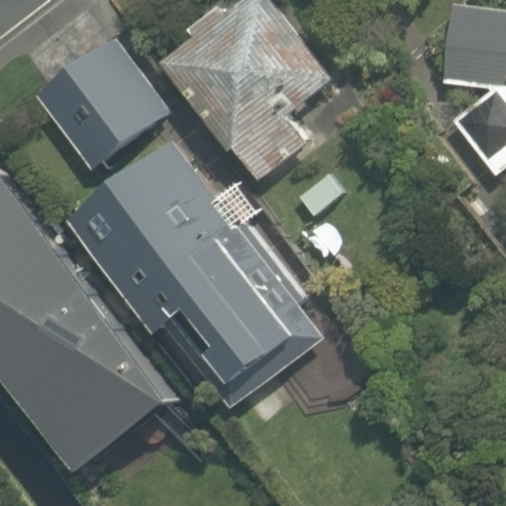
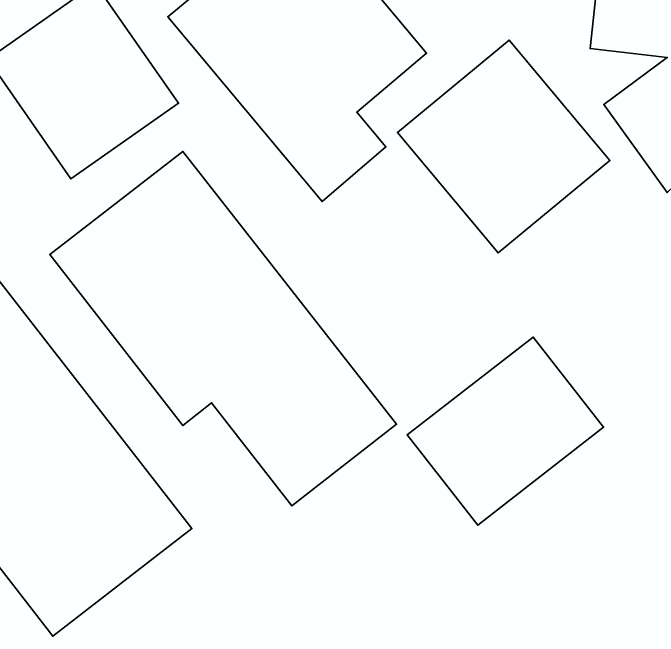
building: none -> [397,40,610,253]
building: none -> [407,337,604,525]

